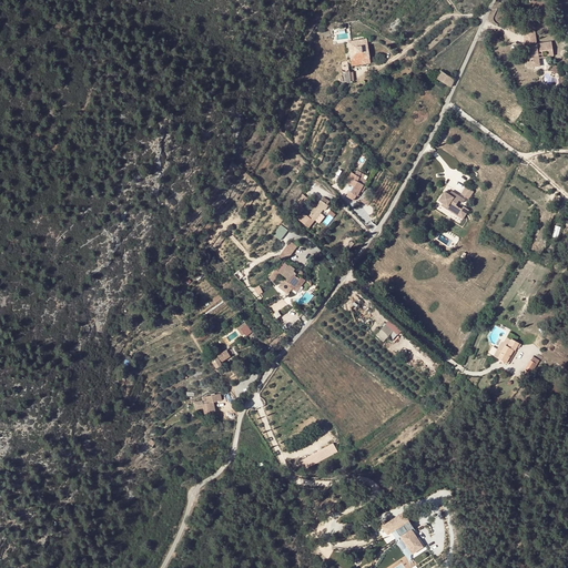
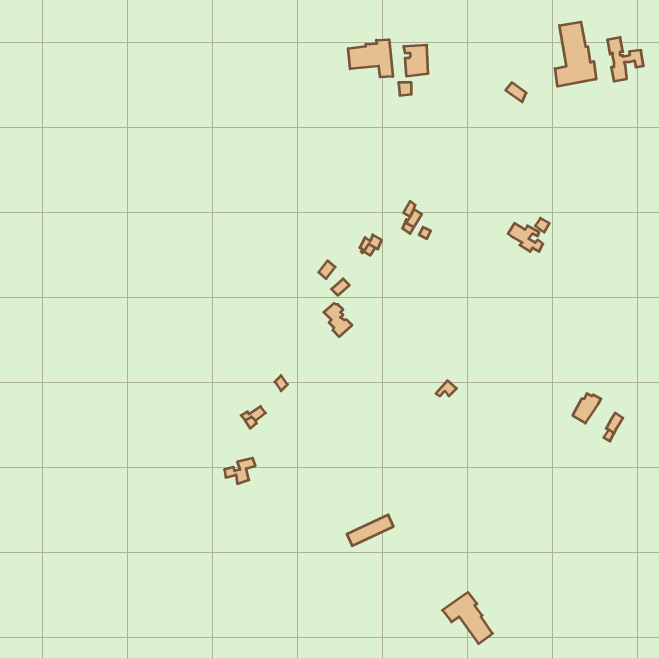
building: none -> [555,22,596,86]
building: none -> [348,40,393,77]

